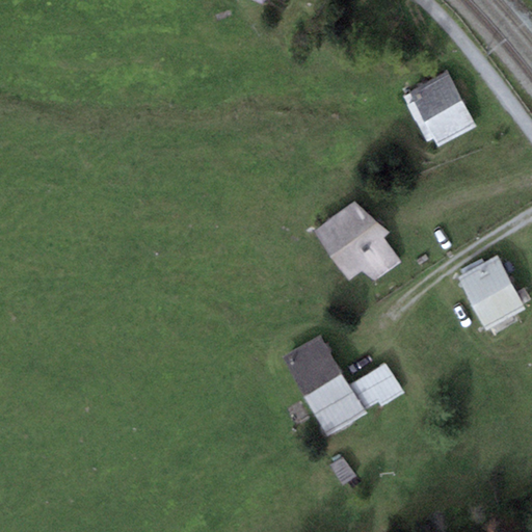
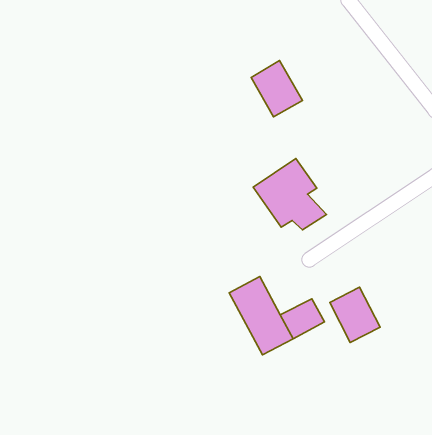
building: [414,75,476,143] -> [251,61,302,117]
building: [458,260,520,327] -> [330,287,380,343]

